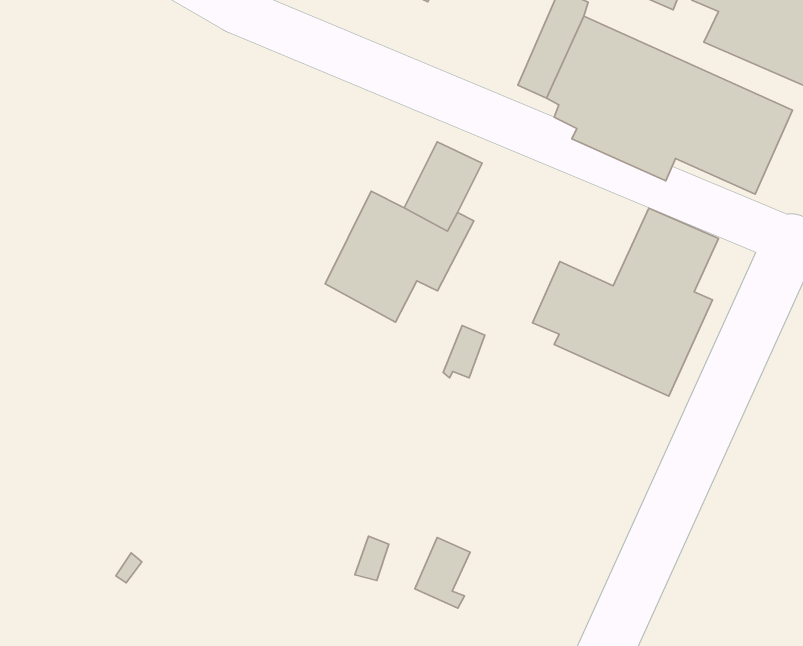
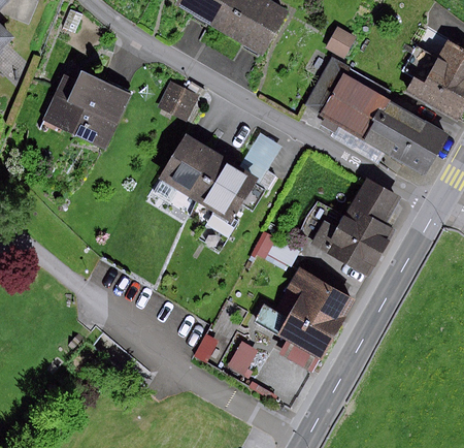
building: none -> [42,69,132,149]
building: none -> [162,84,202,124]
building: none -> [158,132,223,200]
building: none -> [254,267,353,372]

